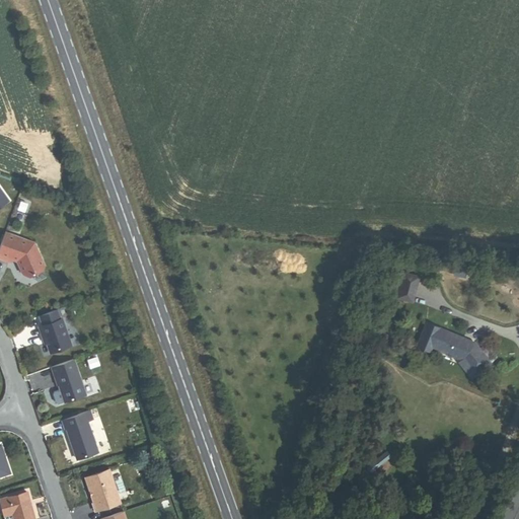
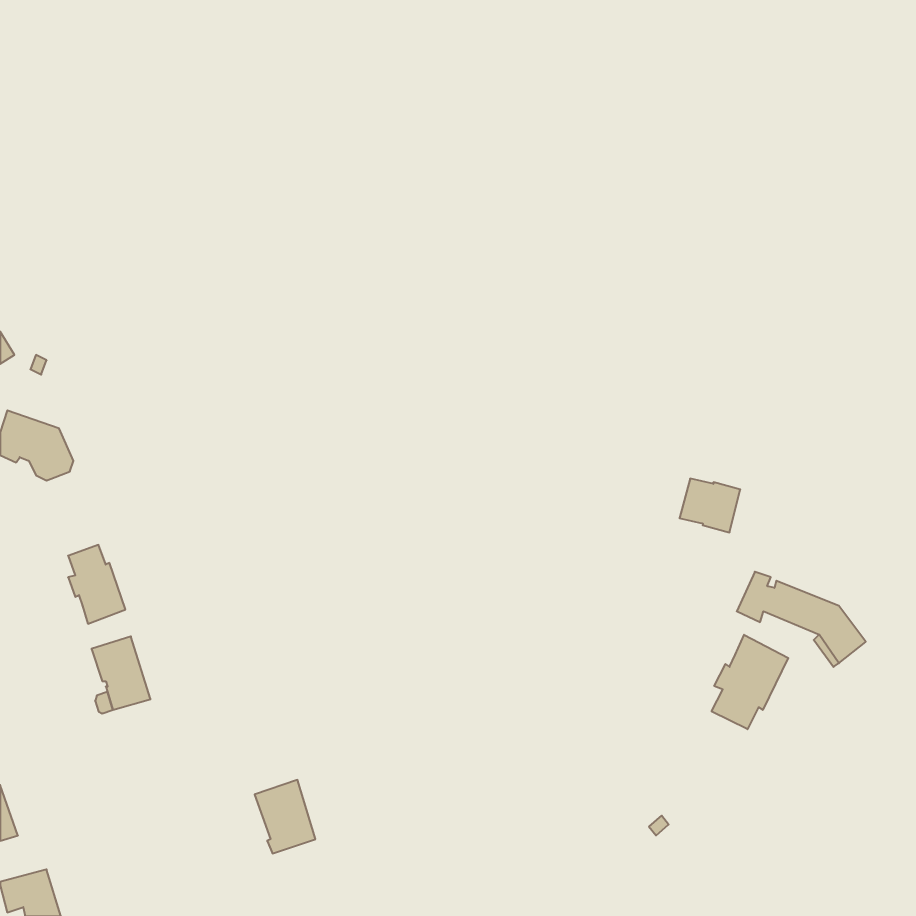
building: none -> [712,635,788,729]
building: [62,411,97,459] -> none
building: [85,469,120,511] -> [255,780,315,853]

